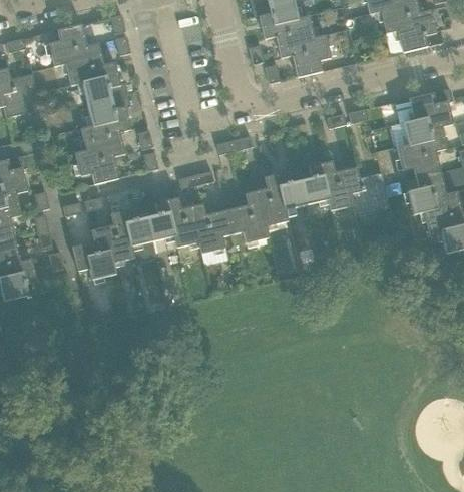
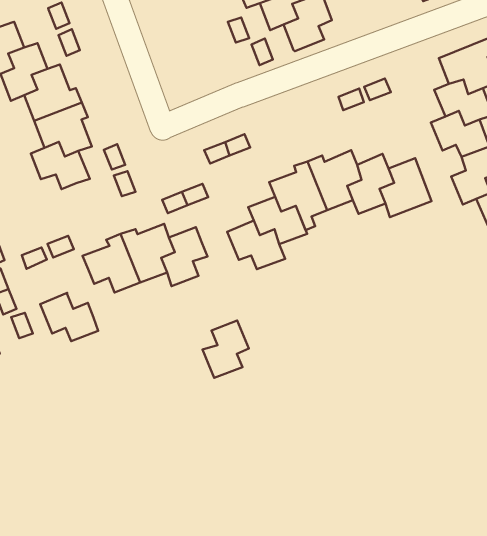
building: [74,147,118,184] -> none
building: [195,210,231,253] -> [203,320,249,378]
building: [91,224,134,263] -> none

